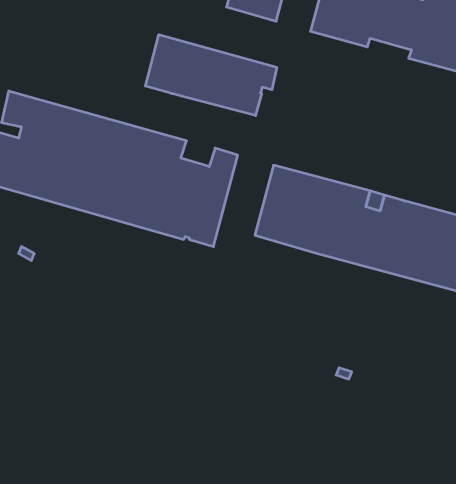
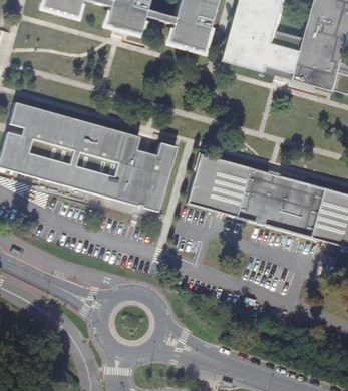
building: [145,35,277,116] -> none

